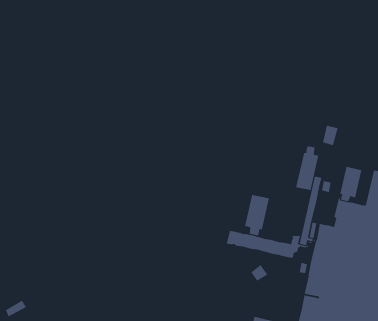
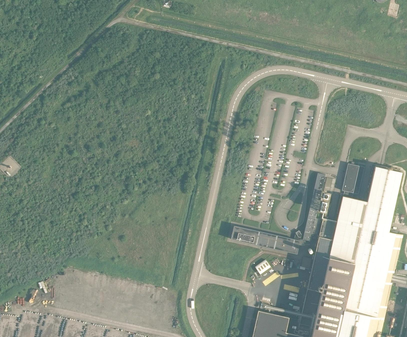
building: [296,146,319,191] -> none
building: [244,194,269,236] -> none

